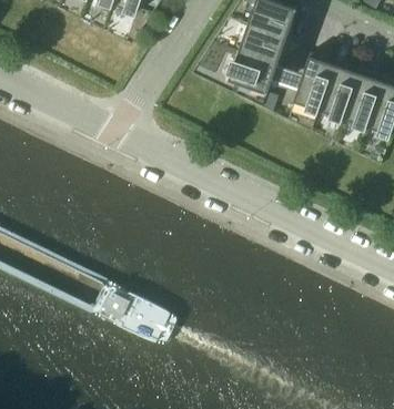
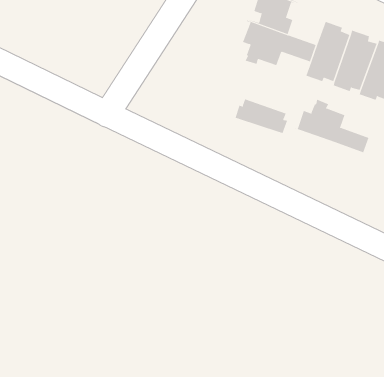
building: none -> [235,98,288,134]
building: none -> [294,99,369,153]

